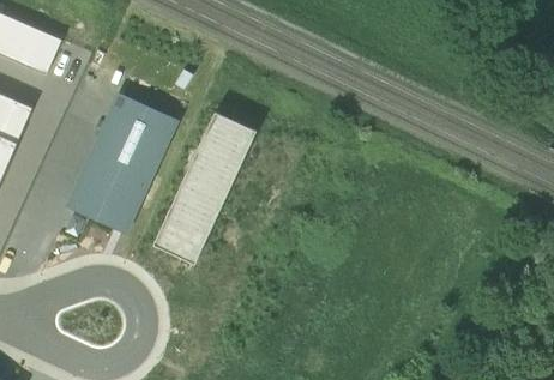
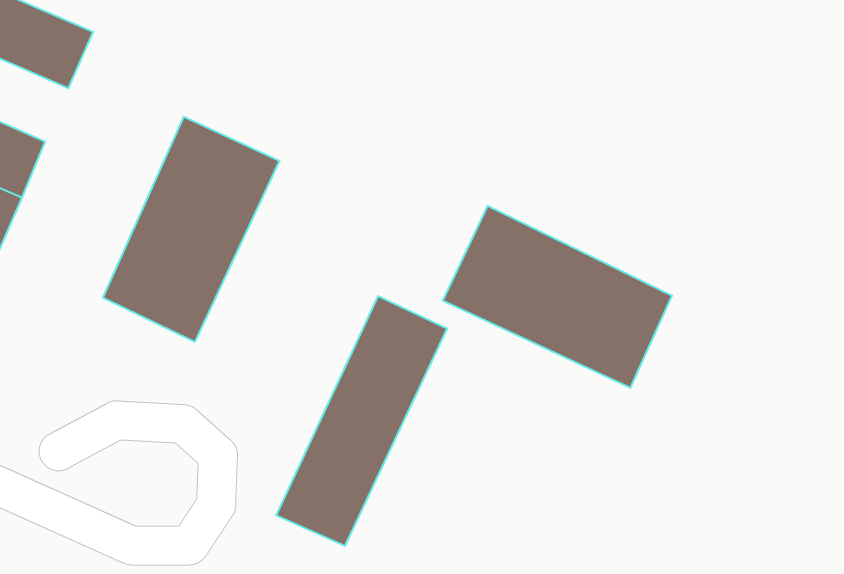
building: [152,108,259,264] -> [276,296,447,546]
building: none -> [443,206,672,388]

